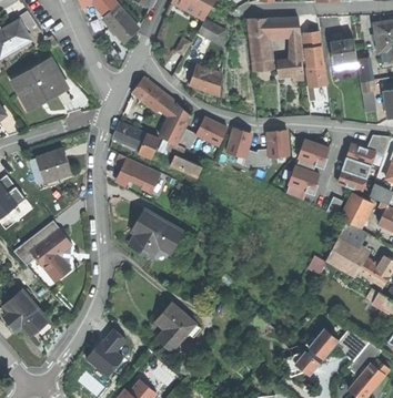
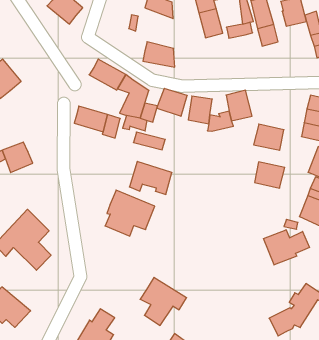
building: [299,136,331,165] -> [255,162,285,188]
building: [117,155,161,192] -> [129,161,172,194]
building: none -> [263,230,309,265]

